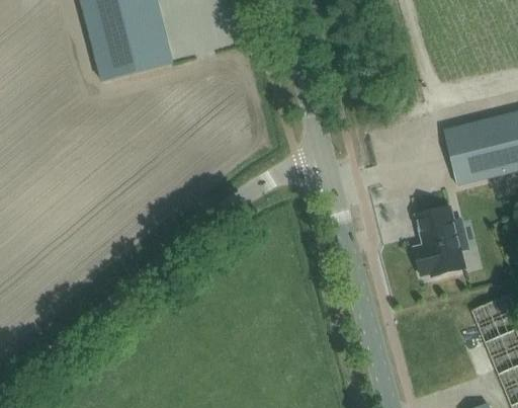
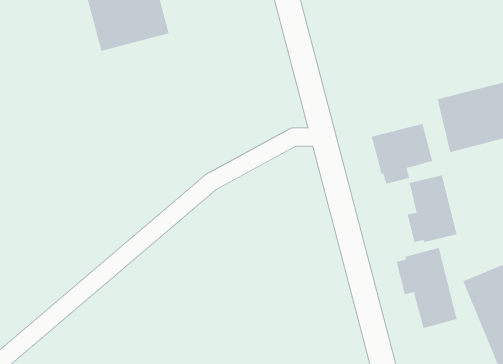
building: none -> [371,123,433,184]
building: none -> [396,247,457,329]

